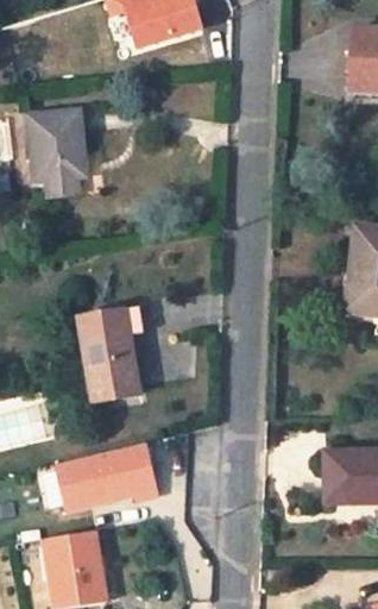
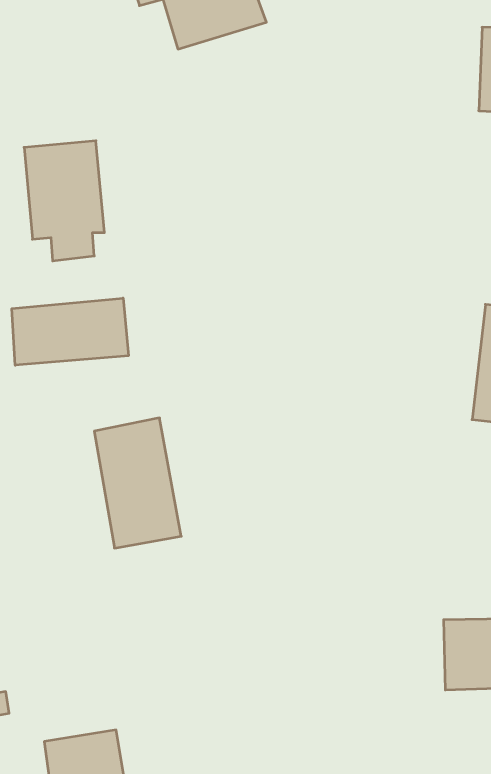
building: none -> [12,298,128,365]
building: [58,445,156,511] -> none

